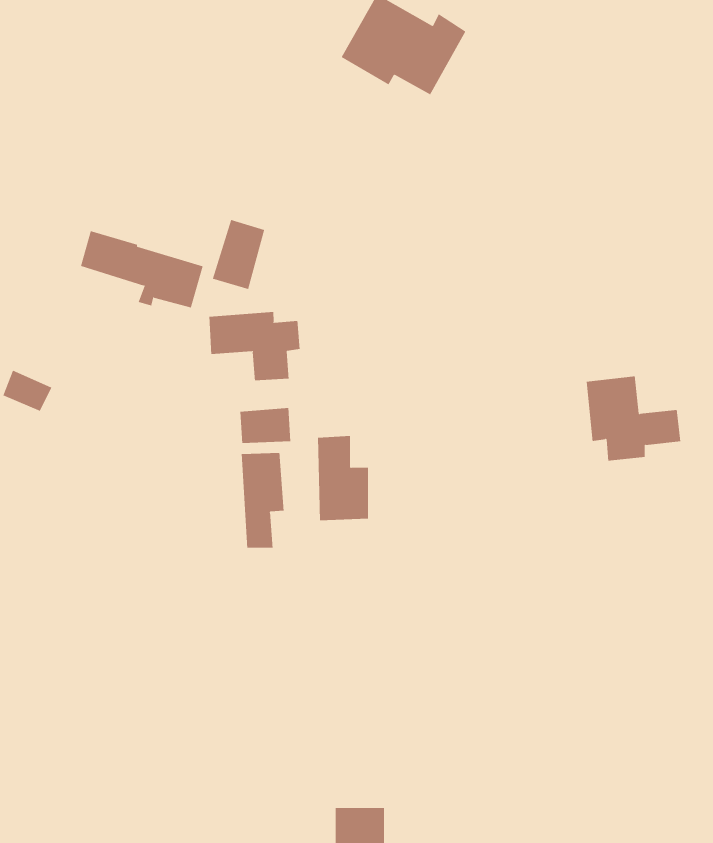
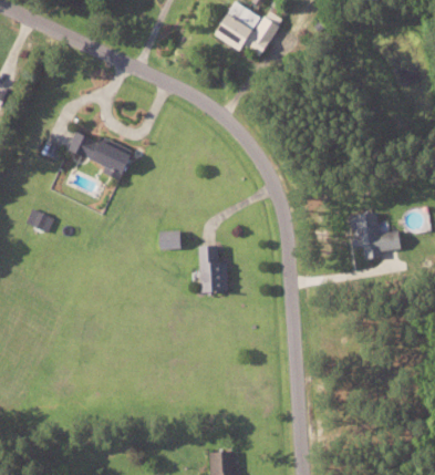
building: [212,219,265,290] -> none
building: [209,311,300,381] -> none
building: [241,452,284,549] -> none

